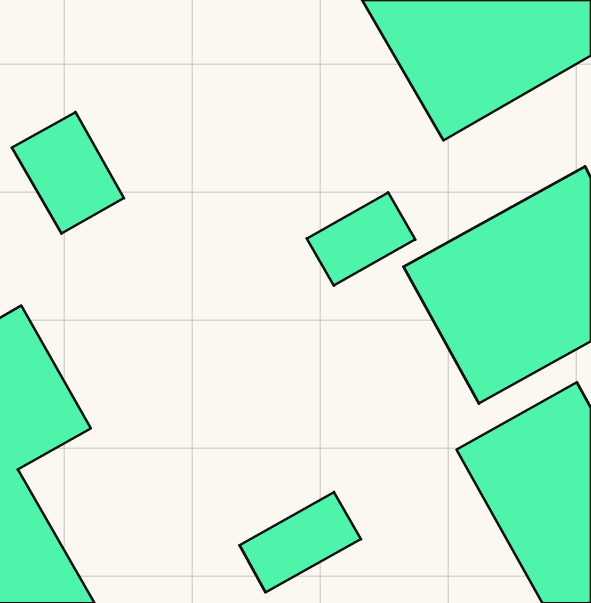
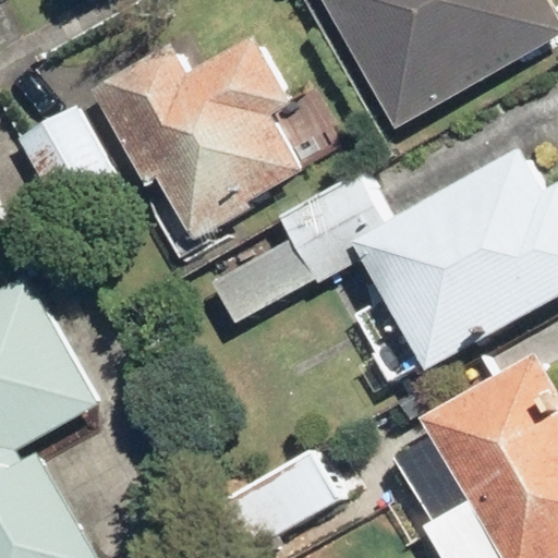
building: none -> [108,27,299,229]

